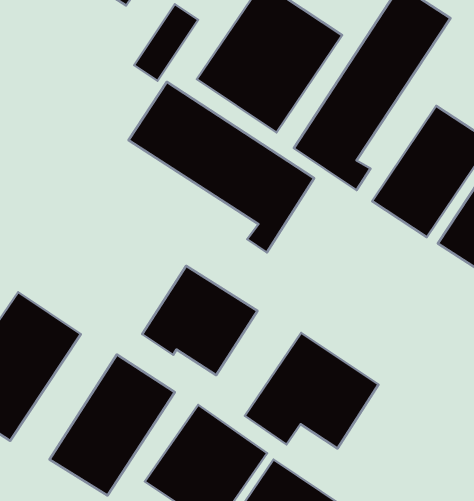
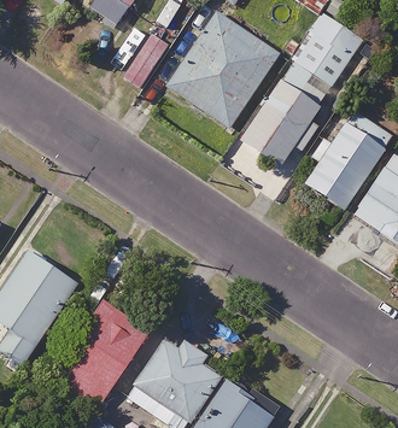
building: [129,82,314,252] -> none
building: [142,266,257,375] -> none
building: [245,333,378,449] -> none

